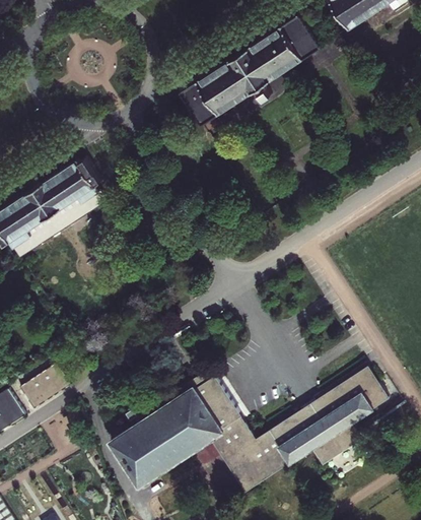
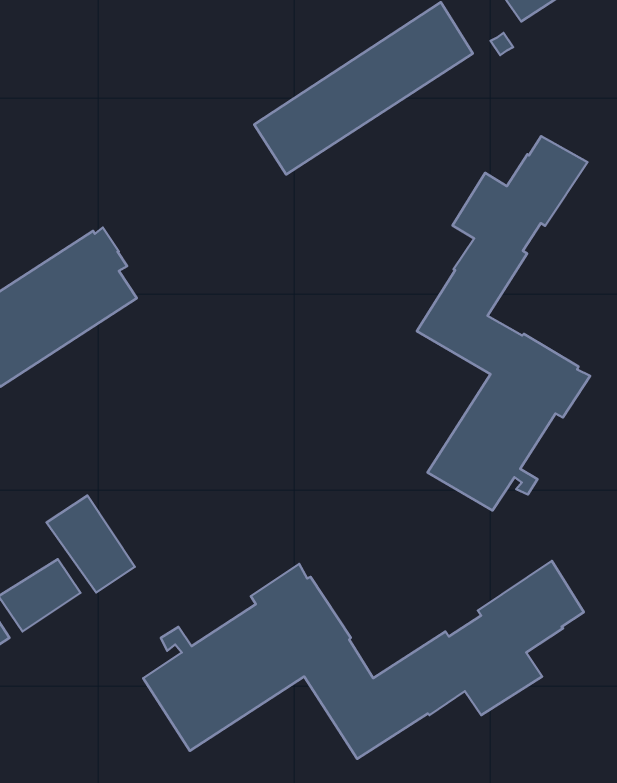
building: none -> [417,136,590,510]
building: none -> [46,496,135,593]

